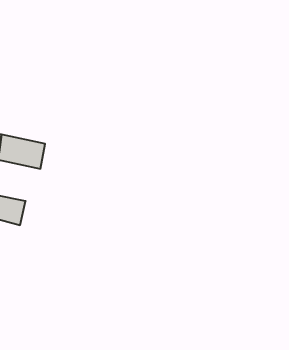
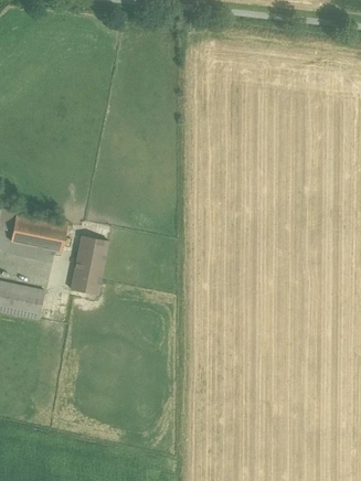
building: none -> [71,235,107,295]

